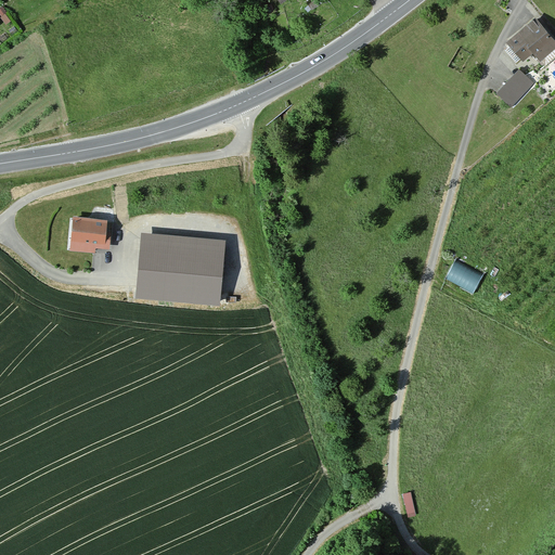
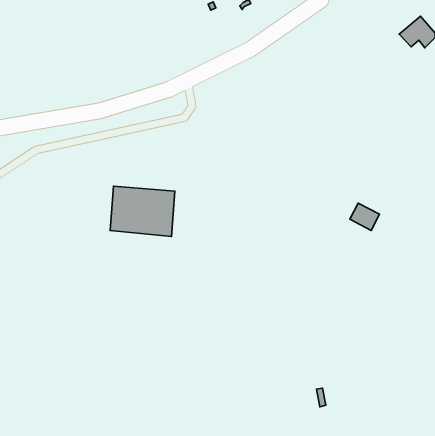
building: [496,69,533,107] -> none
building: [70,219,109,248] -> none

